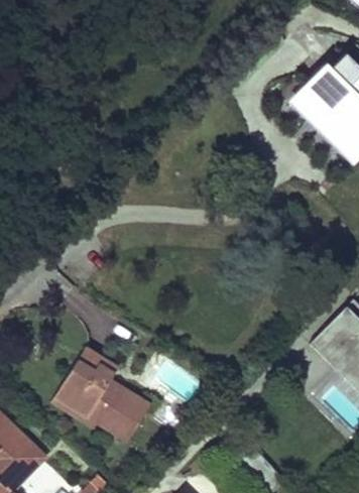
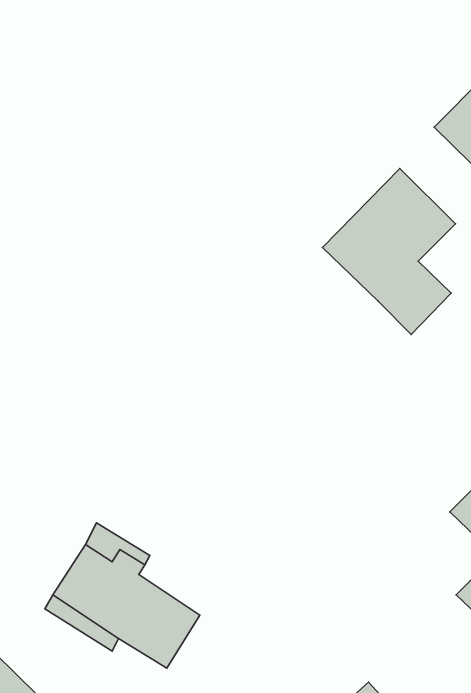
building: none -> [323,169,456,335]

